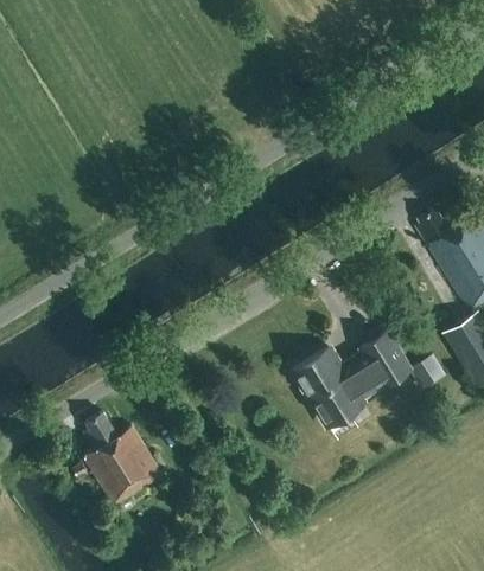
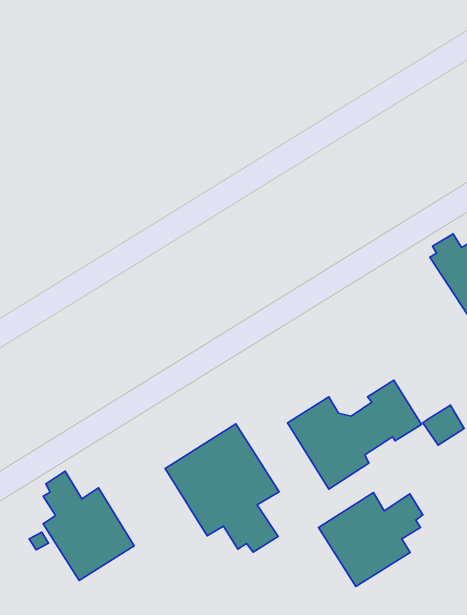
building: none -> [165,424,279,552]
building: none -> [319,493,423,586]

